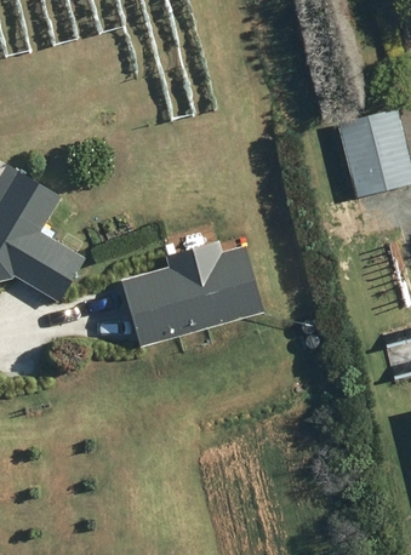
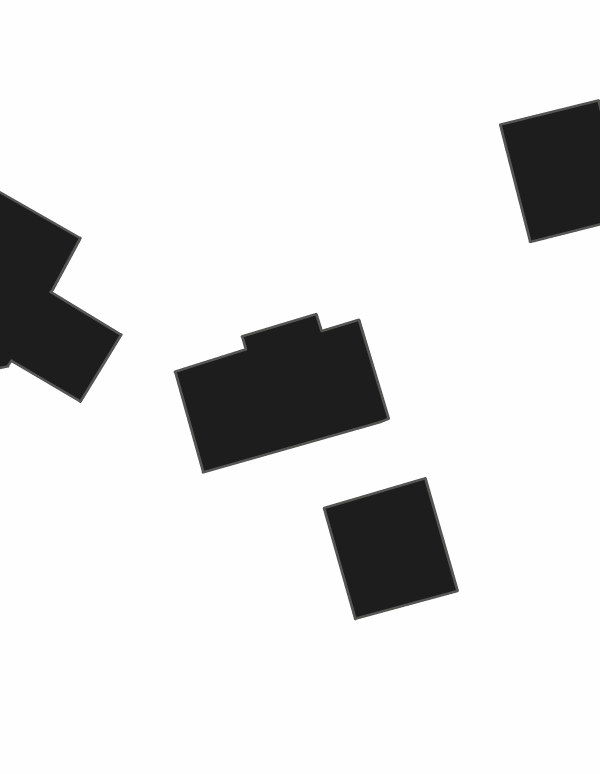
building: none -> [324,478,457,619]

